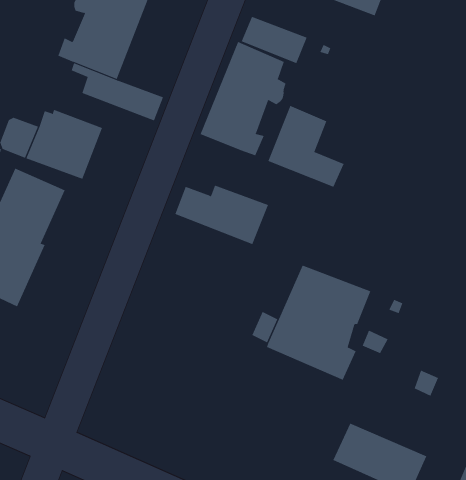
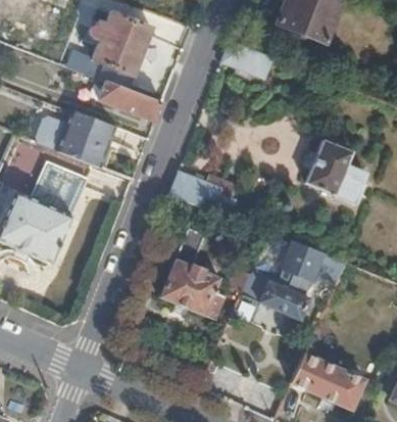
building: [200,41,286,156] -> none
building: [267,105,344,188] -> [305,139,364,202]
building: none -> [159,226,224,319]

